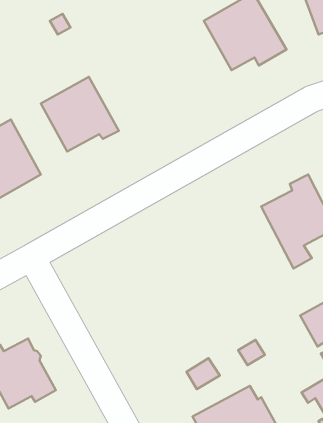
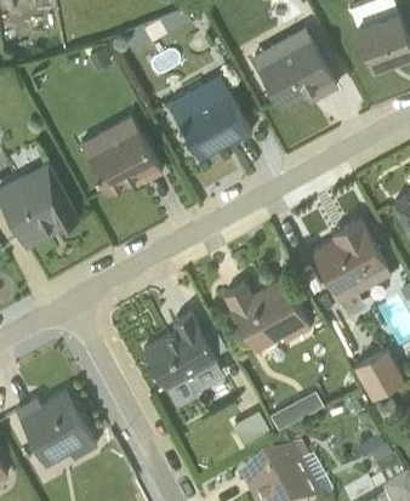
building: none -> [167,74,251,159]
building: none -> [222,278,308,351]
building: none -> [142,313,226,406]

